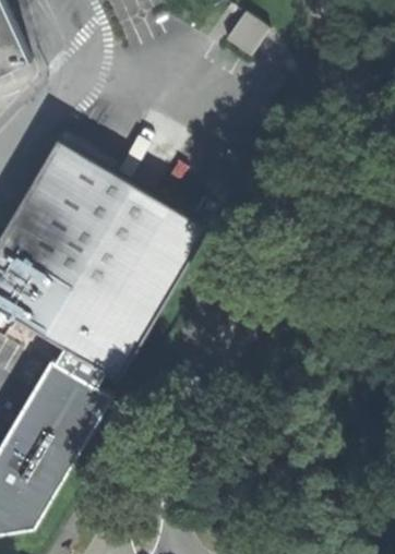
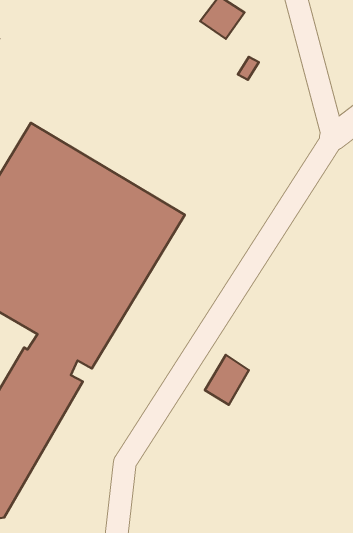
building: none -> [205,355,249,405]

